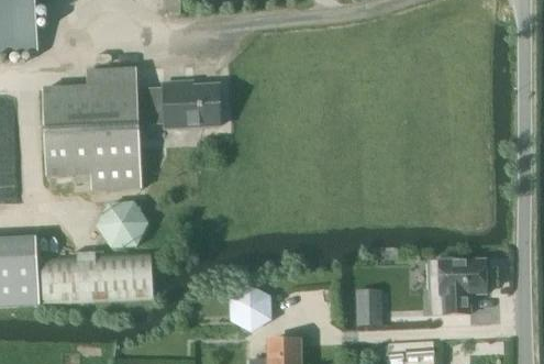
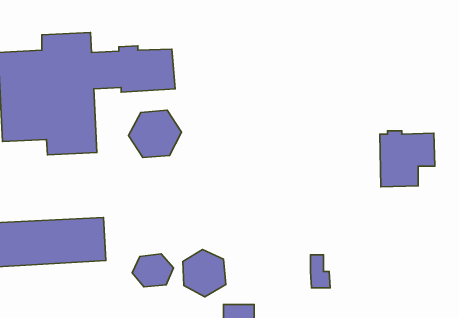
building: [96,200,148,247] -> [129,110,181,158]
building: [430,256,485,312] -> [380,131,435,187]
building: none -> [132,254,174,287]

